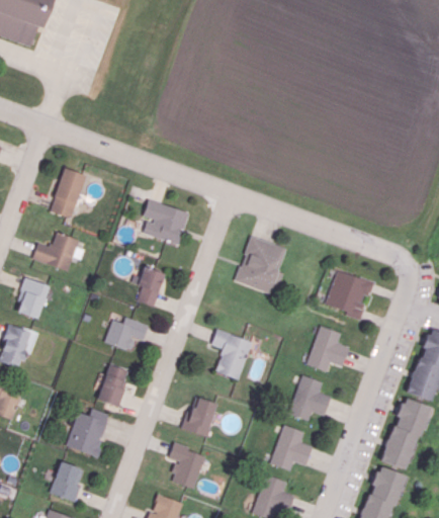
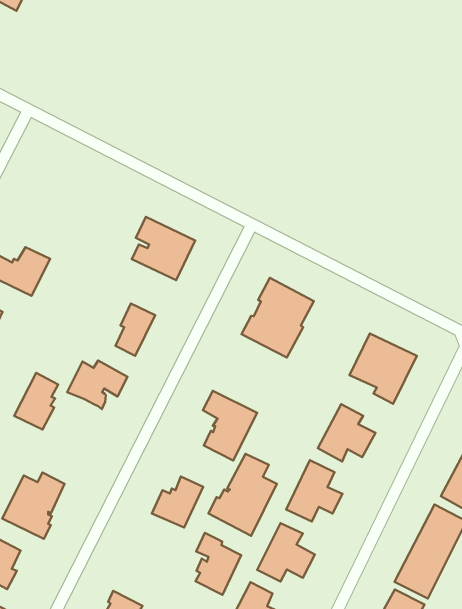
building: [51,168,87,219] -> none
building: [97,364,128,408] -> [14,373,58,429]
building: none -> [208,454,277,536]
building: [170,442,205,489] -> [195,533,241,595]

